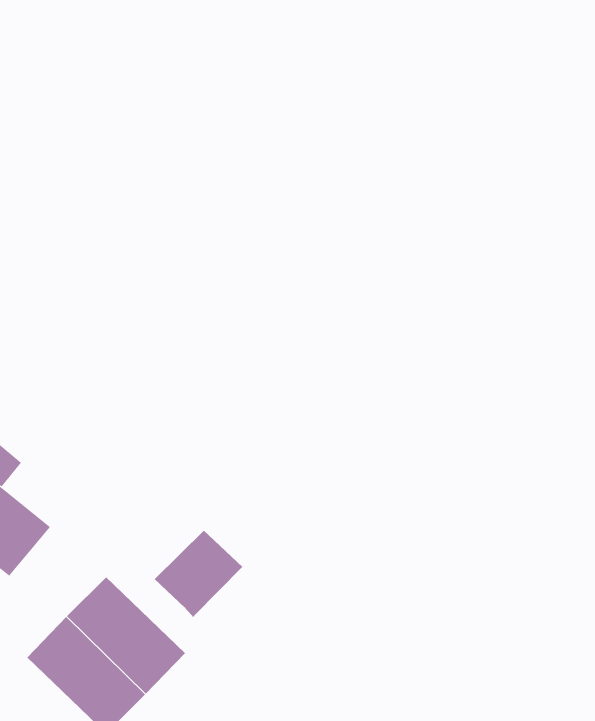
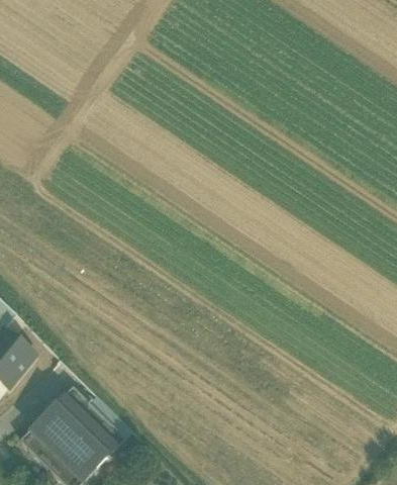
building: [154,530,243,618] -> none

